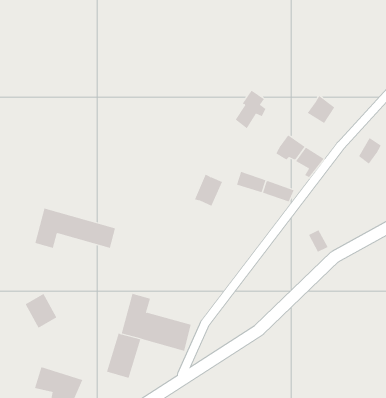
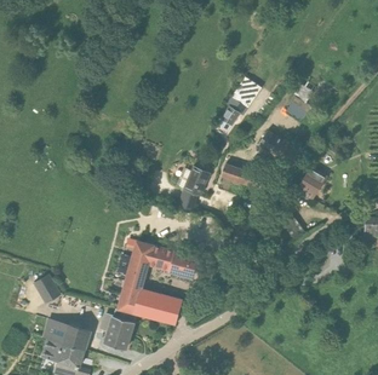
building: none -> [296,166,326,200]
building: [34,208,116,249] -> [127,241,200,277]
building: none -> [41,318,88,350]

